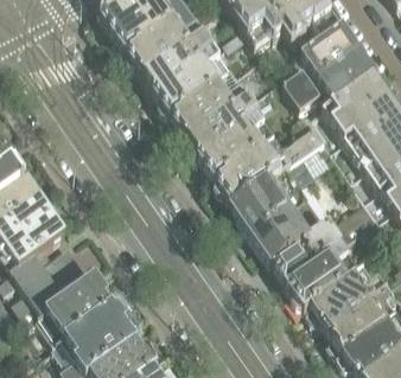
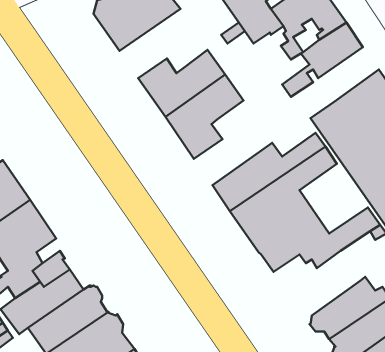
building: [131,17,218,83] -> none
building: [294,53,378,113] -> none
building: [202,90,276,185] -> none
building: [278,248,361,313] -> none

